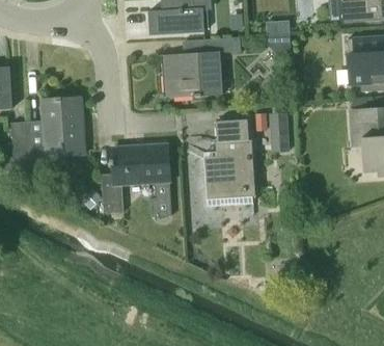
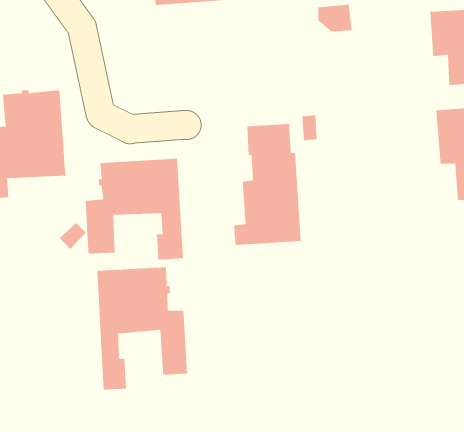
building: [163,36,241,97] -> none
building: [269,112,290,152] -> none
building: none -> [97,266,187,390]

